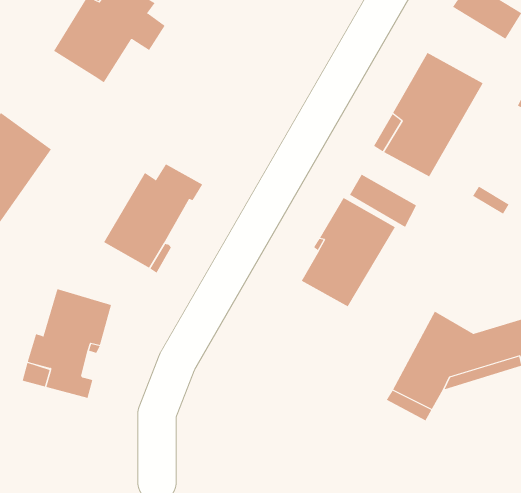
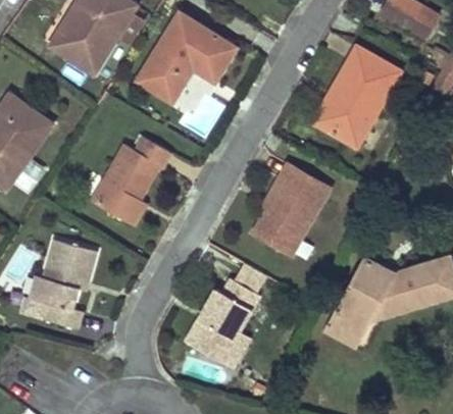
building: none -> [137,11,237,102]
building: [349,174,417,228] -> none
building: none -> [185,276,261,368]

